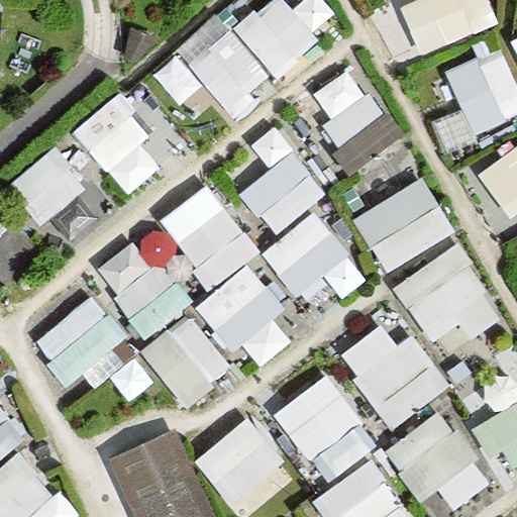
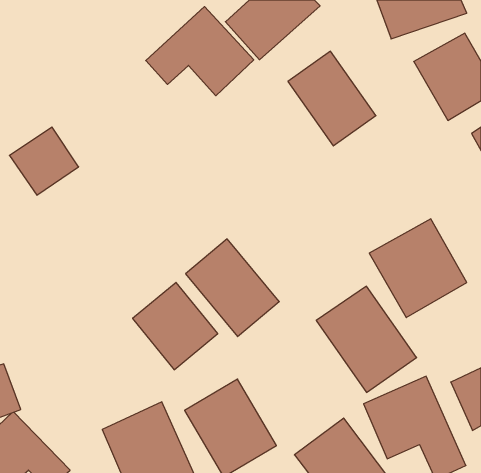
building: [73,96,168,196] -> none
building: [231,141,326,235] -> none
building: [352,176,453,273] -> none
building: [157,184,256,287] -> none
building: [261,212,367,298] -> none
building: [96,238,186,338] -> none
building: [34,297,124,382] -> none
building: [273,373,377,483] -> none

